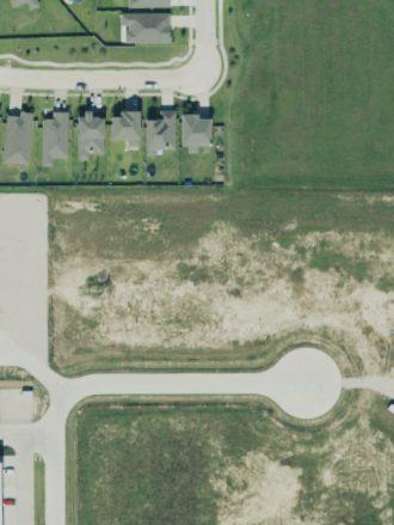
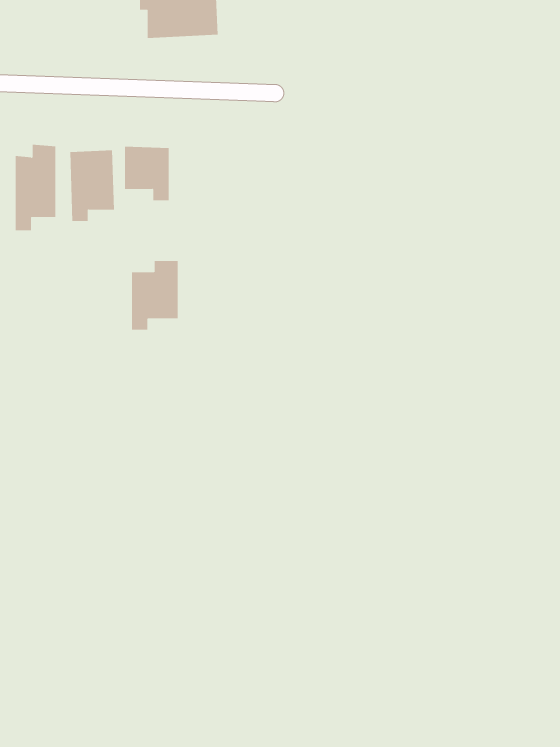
building: [143,109,173,153] -> [131,260,178,330]
building: [181,115,211,153] -> none

